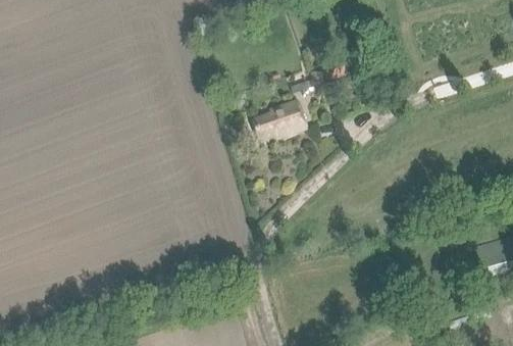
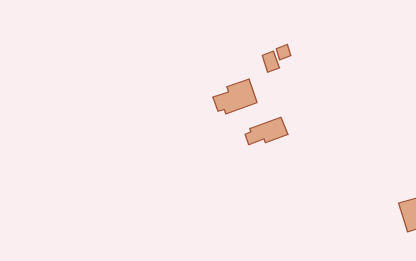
building: none -> [245,117,288,145]

